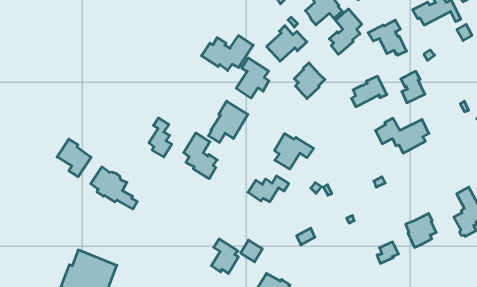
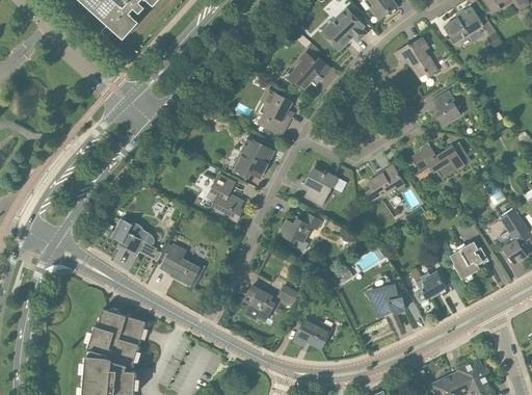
building: [329,9,362,54] -> none
building: [201,36,253,71] -> none
building: [294,63,325,99] -> none
building: [351,76,387,107] -> [367,165,404,200]
building: [149,118,172,157] -> none
building: [57,139,91,177] -> none
building: none -> [161,244,200,285]
building: none -> [372,285,404,317]

